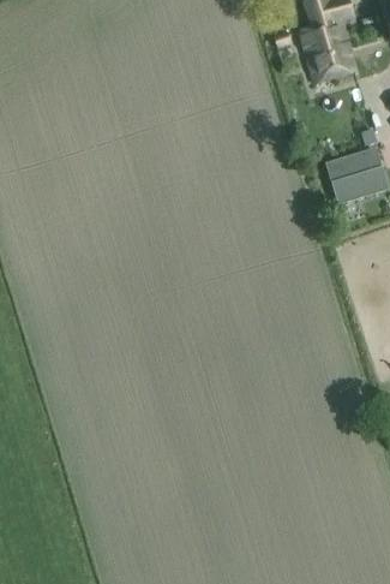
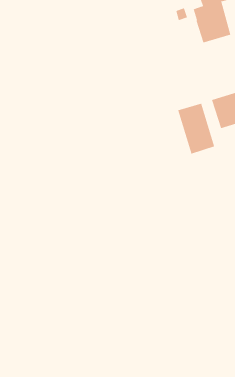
building: none -> [178,103,215,154]

